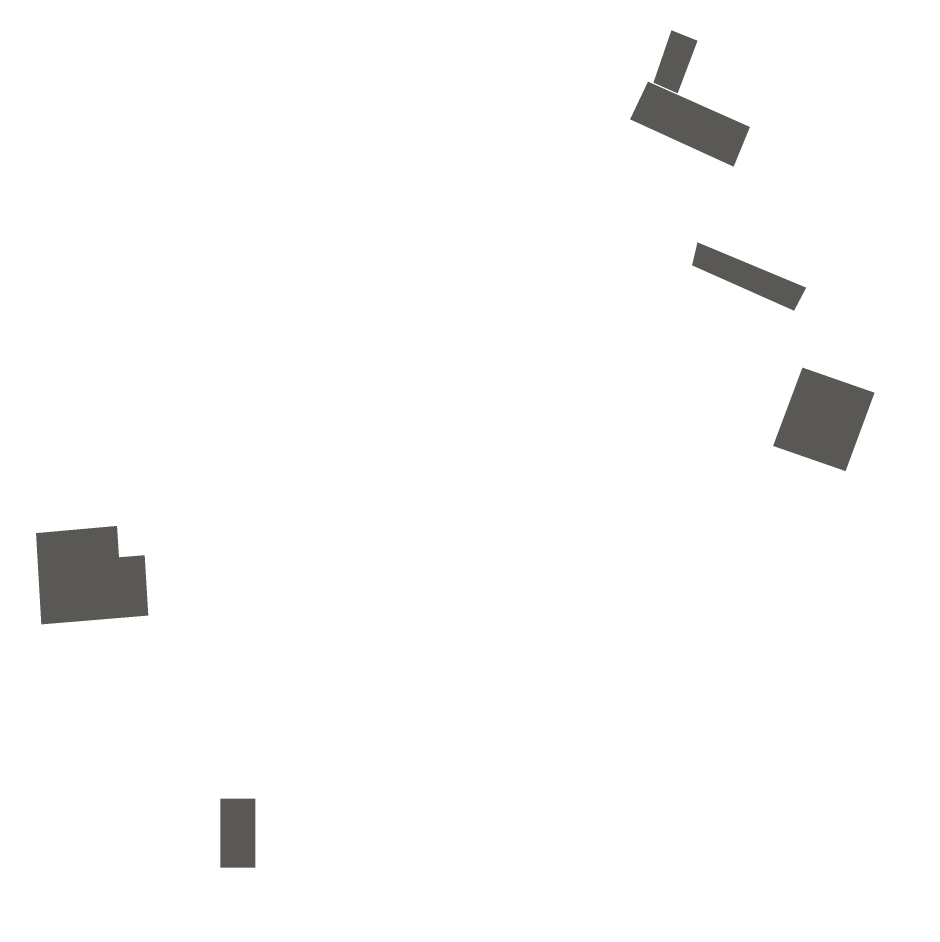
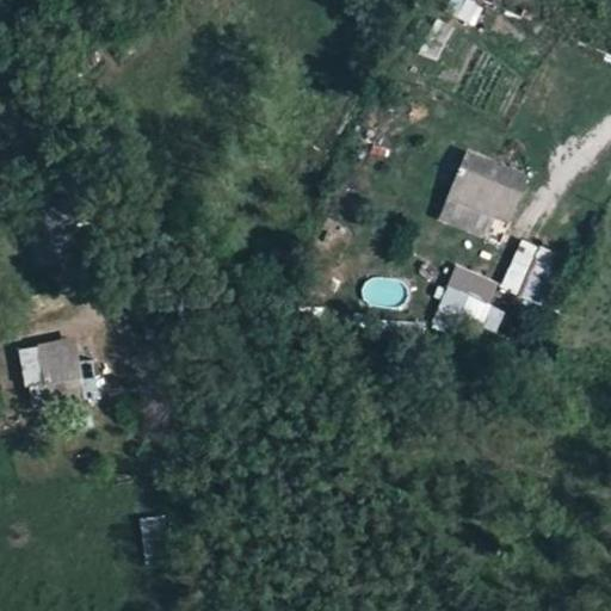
building: [629,81,751,167] -> [436,172,514,228]
building: none -> [434,265,495,337]

